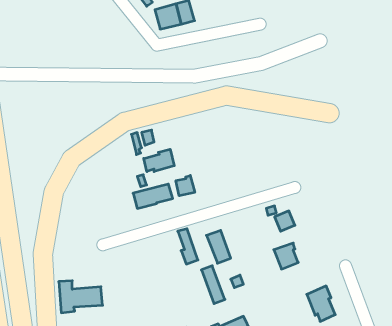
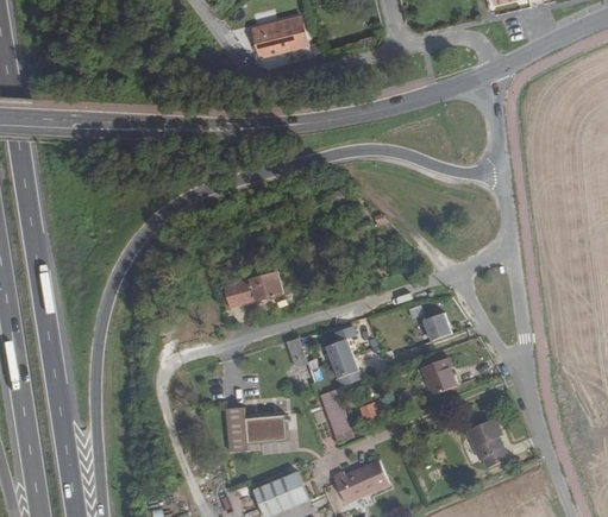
building: [144,149,174,172] -> none
building: [176,175,195,196] -> none
building: [59,281,103,313] -> [226,410,288,455]

